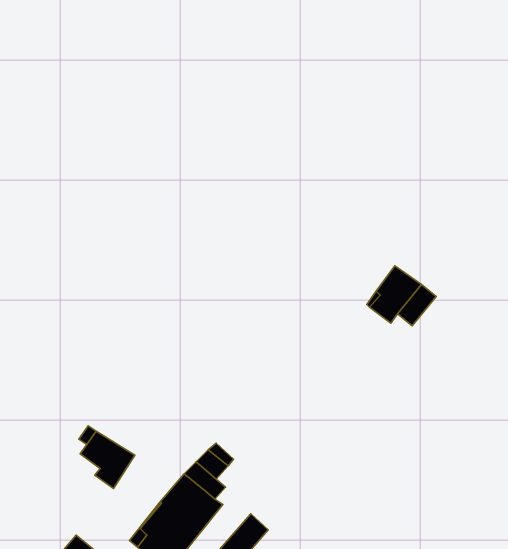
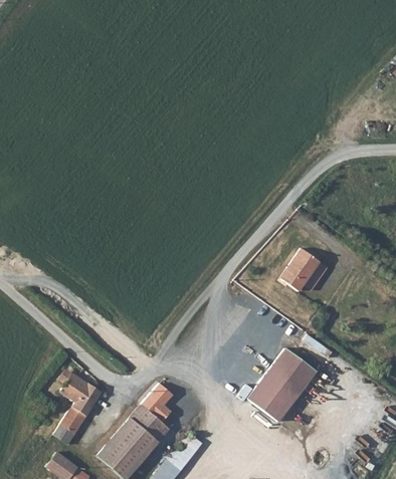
building: none -> [244,352,314,427]
building: none -> [53,406,86,444]

